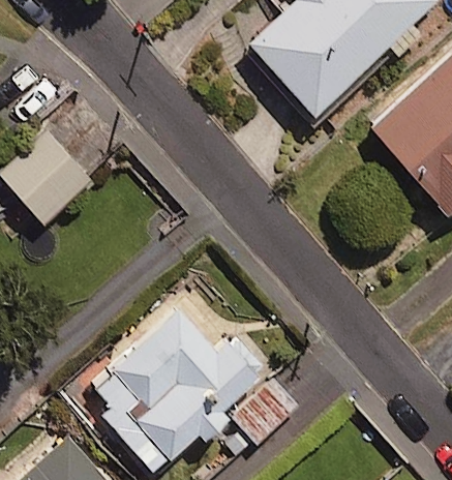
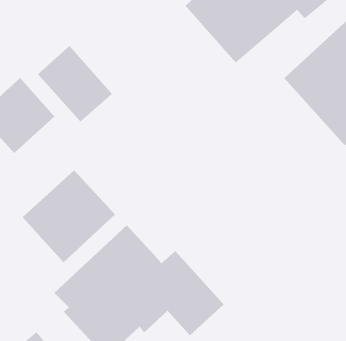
building: none -> [37,45,113,122]
building: none -> [22,170,116,263]

